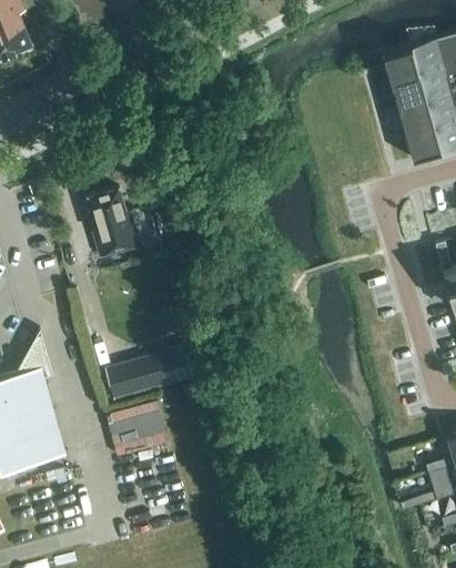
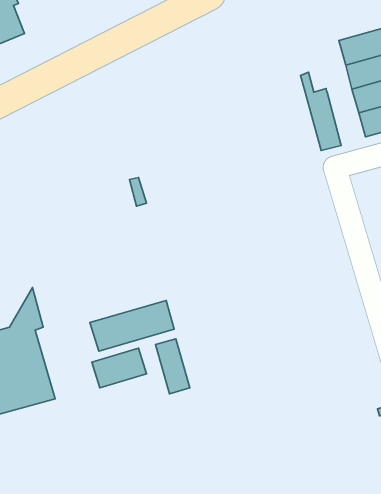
building: none -> [301,72,341,150]
building: [87,189,140,256] -> none
building: none -> [155,339,190,394]

